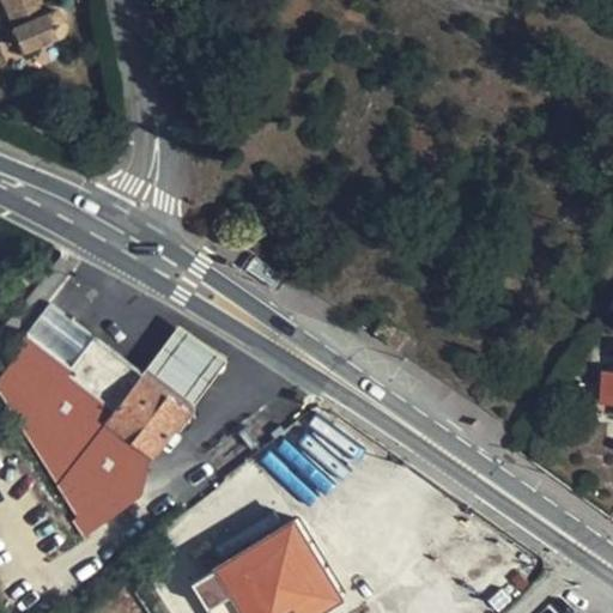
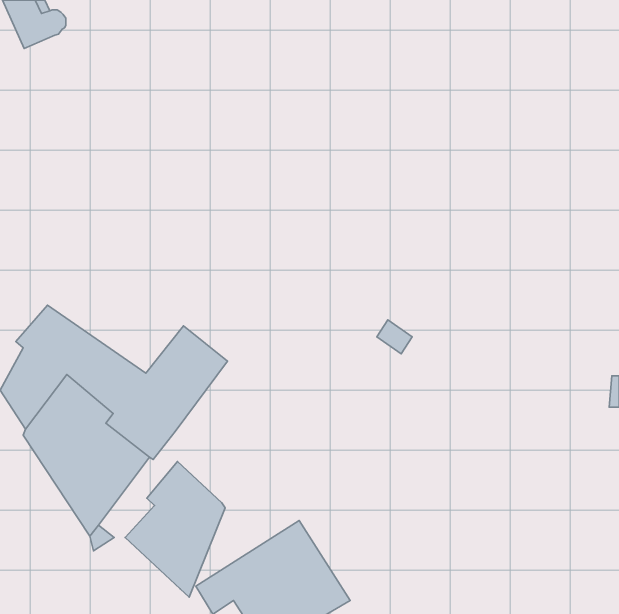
building: none -> [125,462,225,597]

